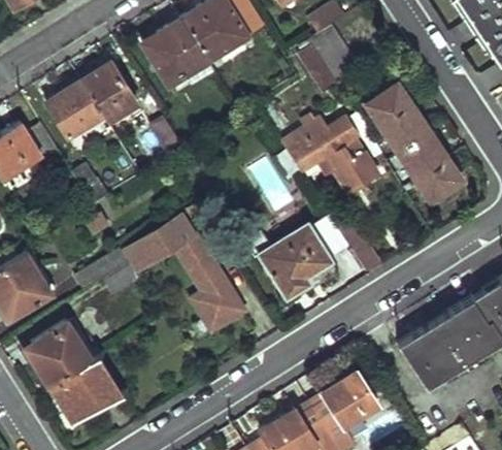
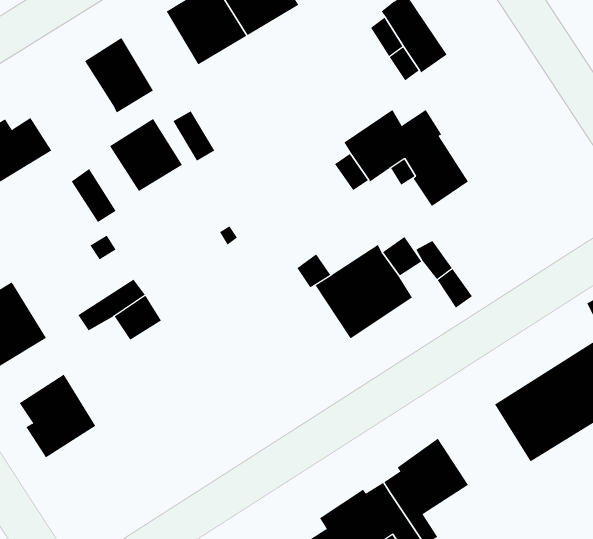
building: [47,79,104,136] -> [109,118,183,192]
building: [366,83,461,198] -> none
building: [128,216,244,331] -> none
building: [52,357,122,424] -> none

